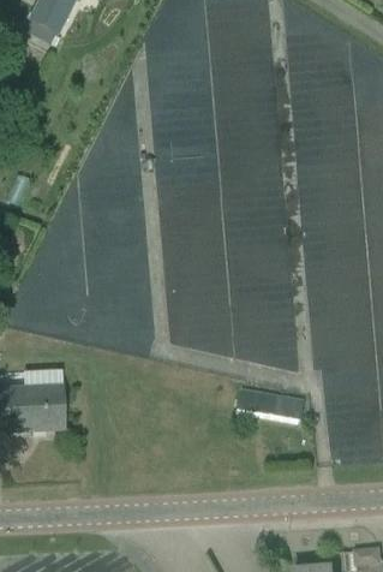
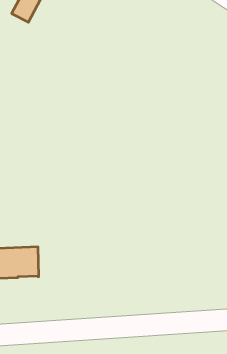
building: [238,388,304,419] -> none

